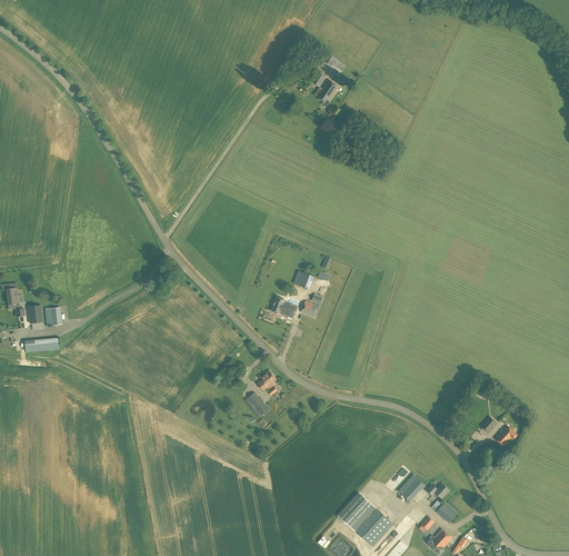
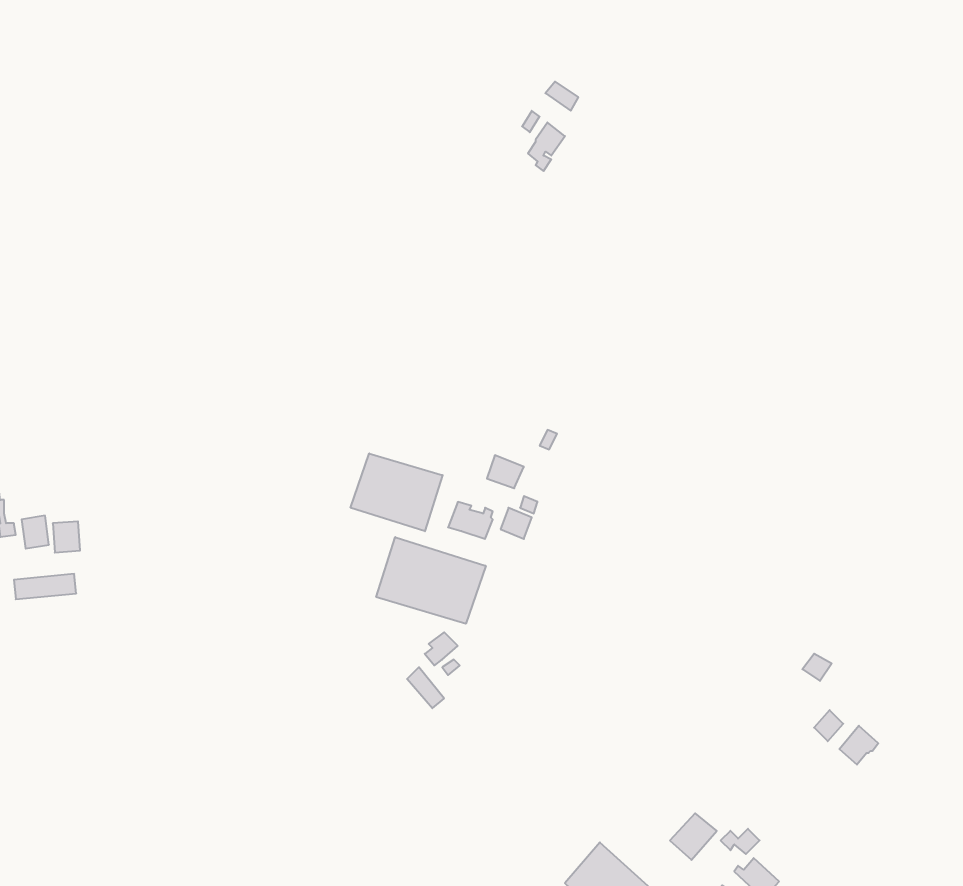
building: none -> [351,453,443,531]
building: none -> [376,537,486,624]

